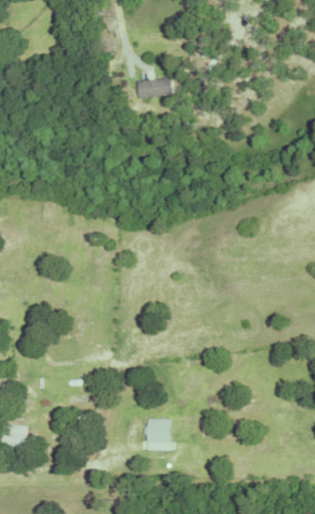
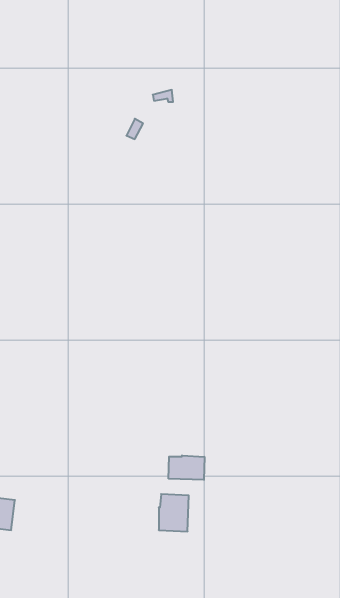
building: none -> [169,455,204,480]

